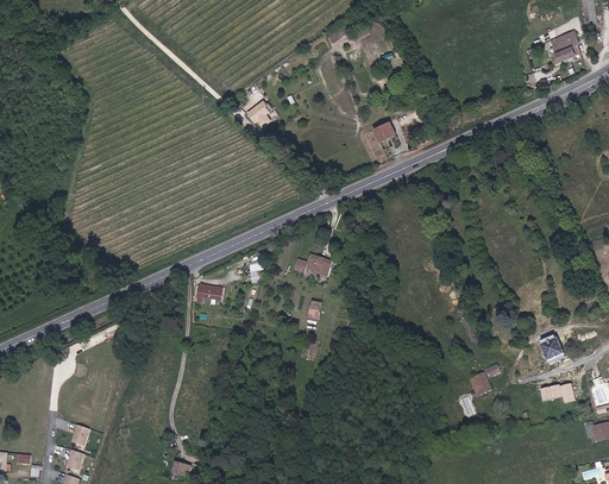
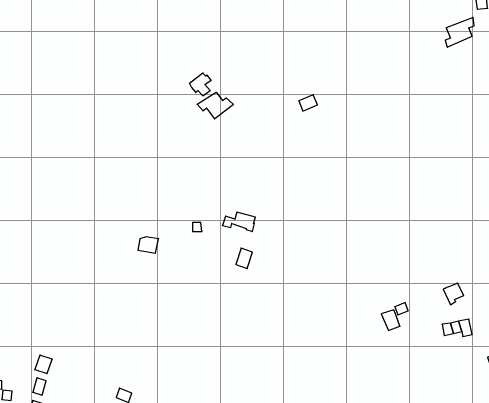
building: none -> [197,92,233,119]

